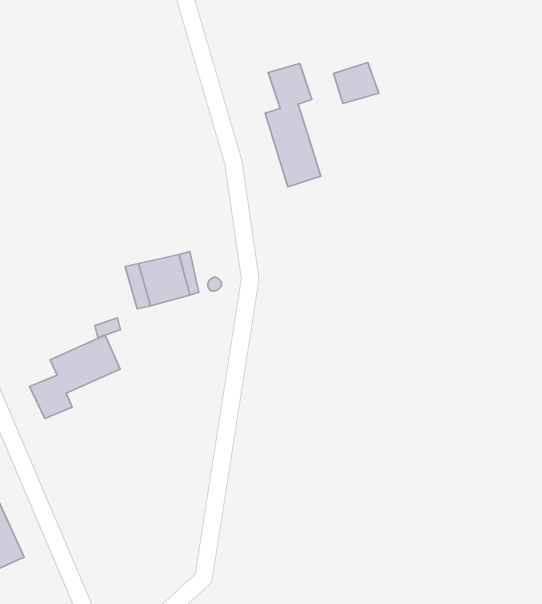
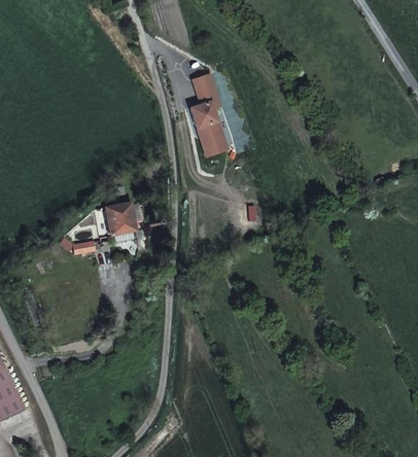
building: [334,63,379,104] -> none
building: [30,335,120,419] -> none

